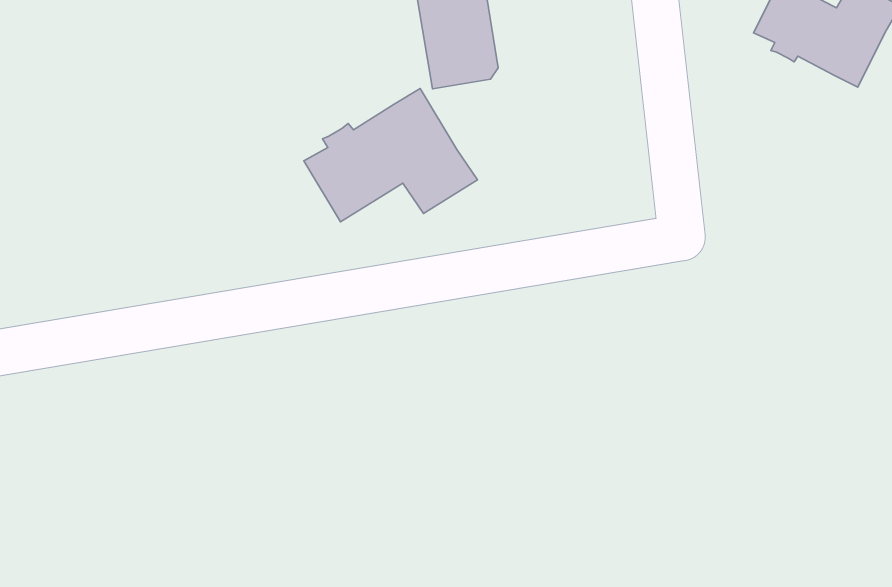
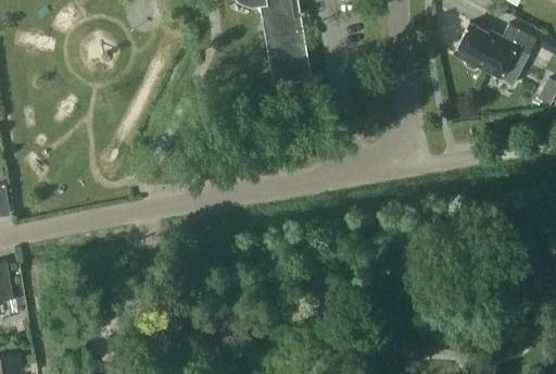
building: [304,89,477,222] -> none

